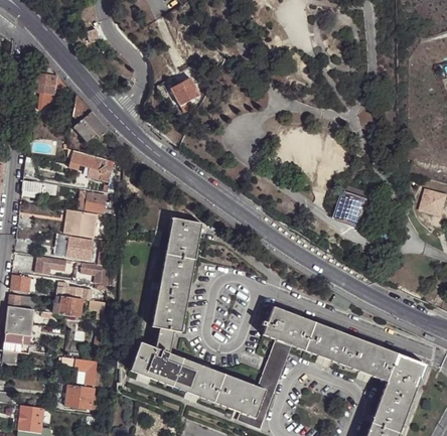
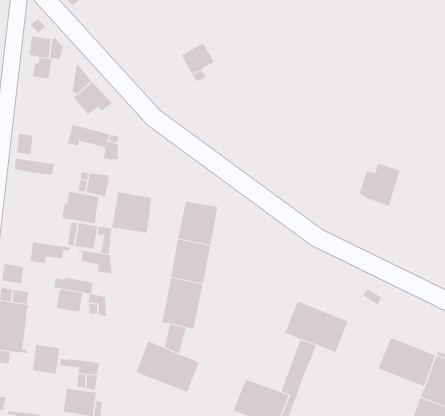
building: none -> [112,192,152,233]
building: [307,324,355,367] -> none
building: none -> [32,344,60,374]
building: [175,360,227,404] -> none

